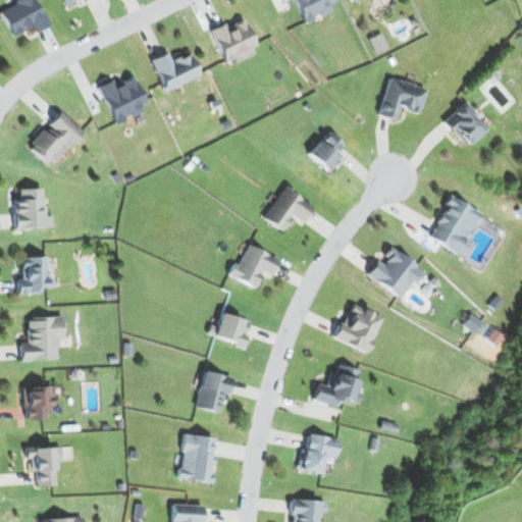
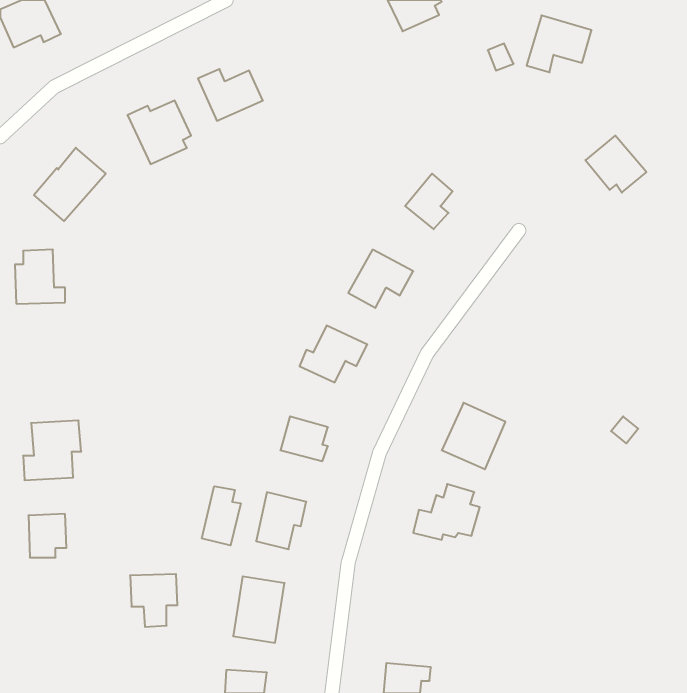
building: [212,19,260,62] -> none
building: [379,77,428,120] -> [527,15,592,72]
building: [431,196,481,253] -> none
building: [368,248,423,299] -> none
building: [18,256,55,294] -> none
building: none -> [202,486,241,545]
building: [302,433,340,474] -> none
building: [27,447,62,486] -> [130,574,177,627]

